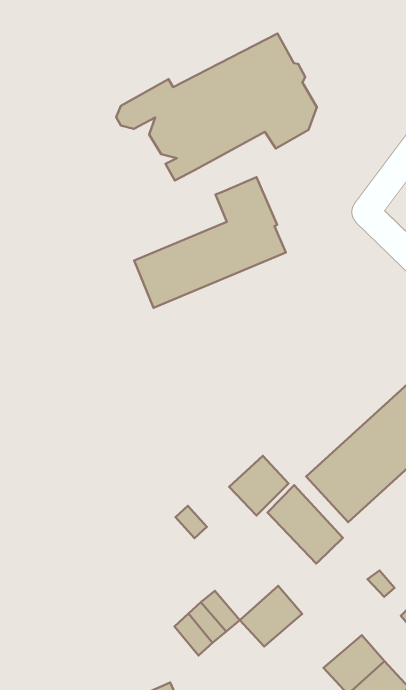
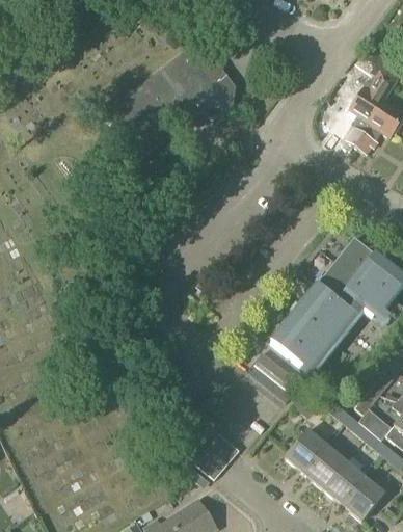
building: [134,177,286,308] -> none
building: [229,456,289,516] -> none
building: [240,586,302,647] -> [284,429,326,473]

